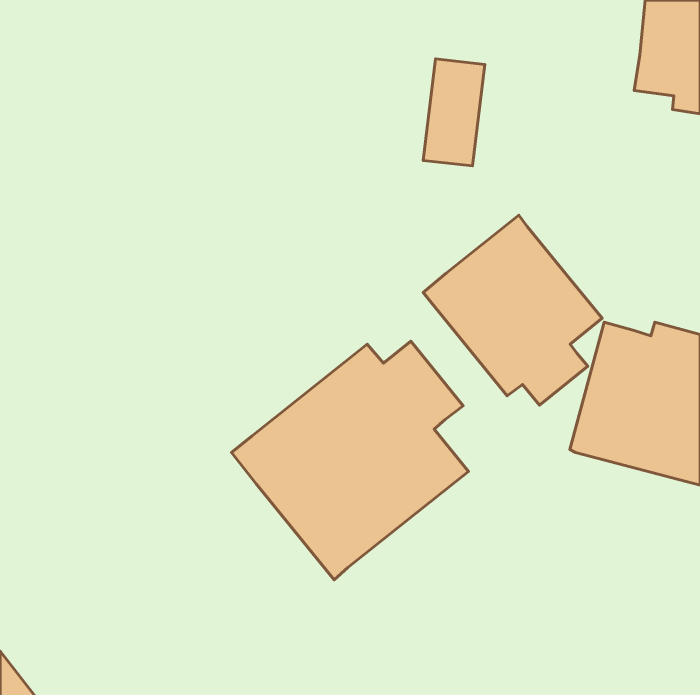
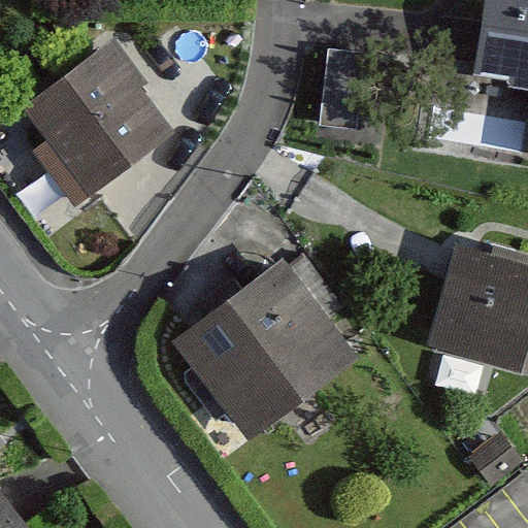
building: none -> [23,48,169,196]
building: [423,215,602,405] -> none

